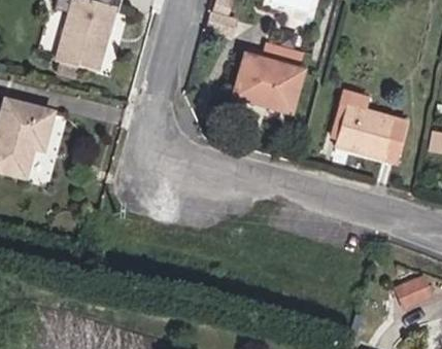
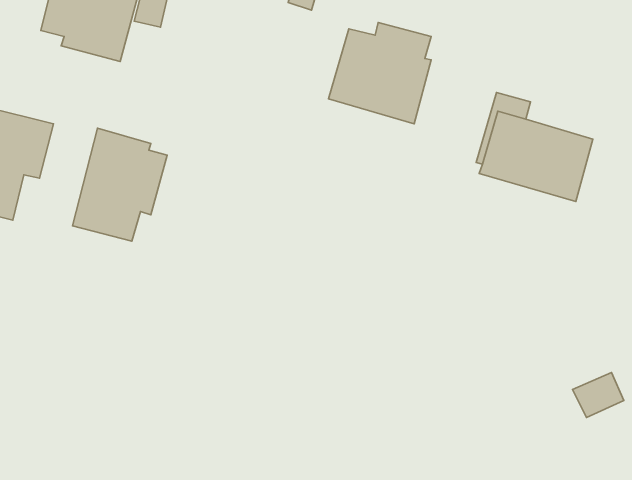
building: none -> [73,128,167,241]

